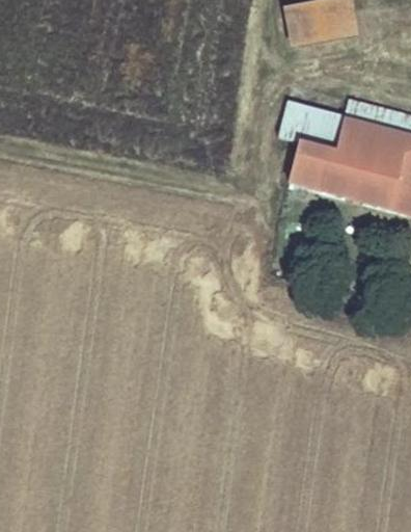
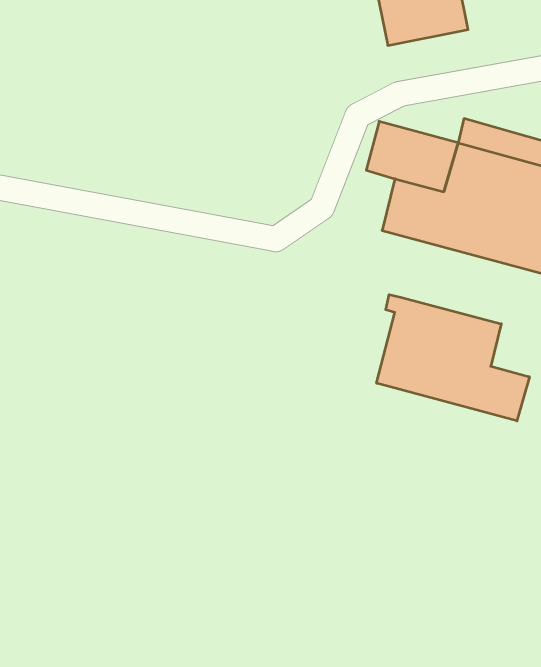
building: none -> [377,295,529,421]

